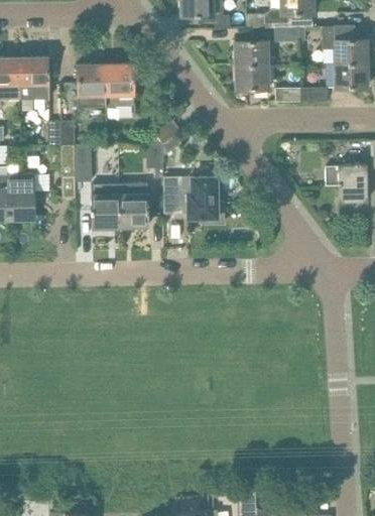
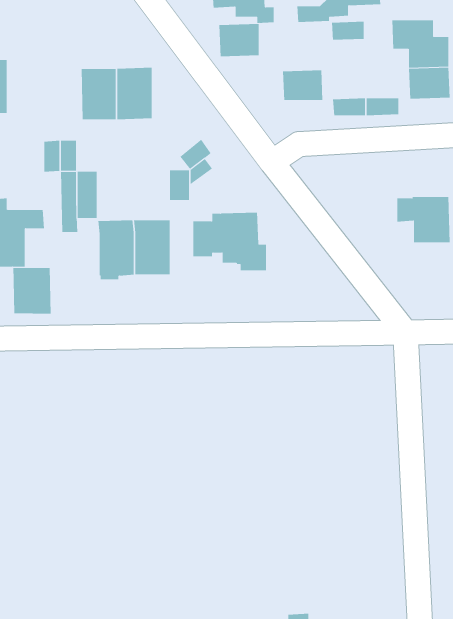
building: [234,40,266,67] -> [219,24,260,57]
building: [19,57,48,100] -> none
building: none -> [13,267,51,314]

